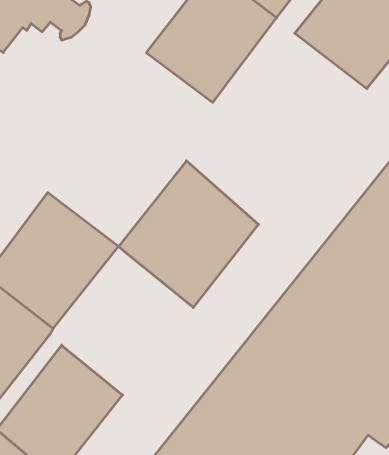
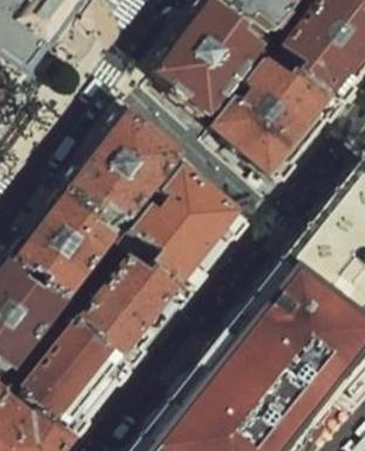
building: none -> [210,47,338,176]
building: none -> [64,110,183,236]
building: none -> [77,246,189,363]

